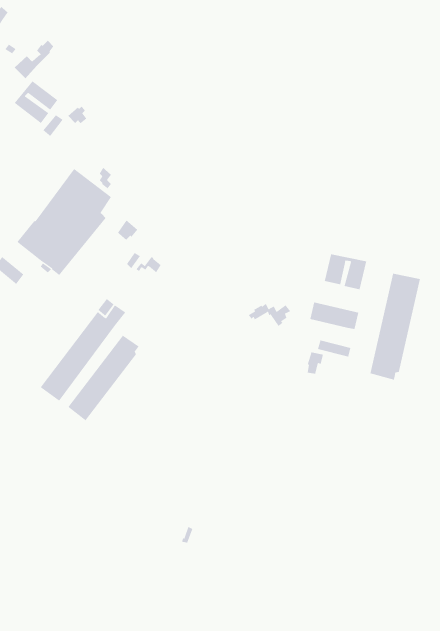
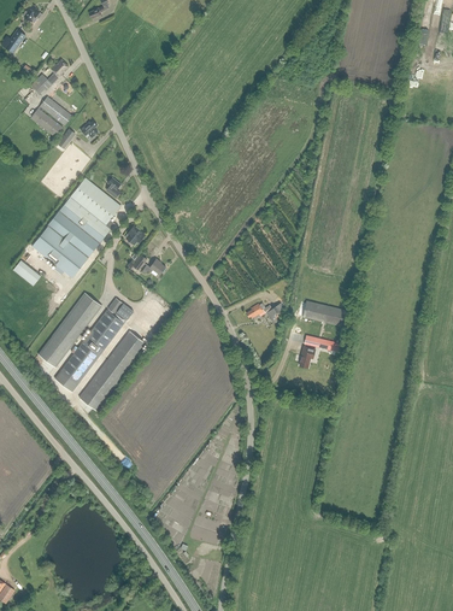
building: [324,254,367,290] -> none
building: [370,273,421,381] -> none
building: none -> [37,292,101,366]

